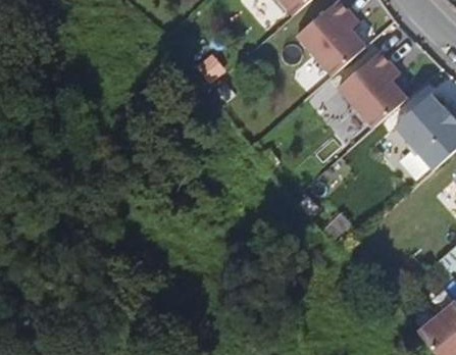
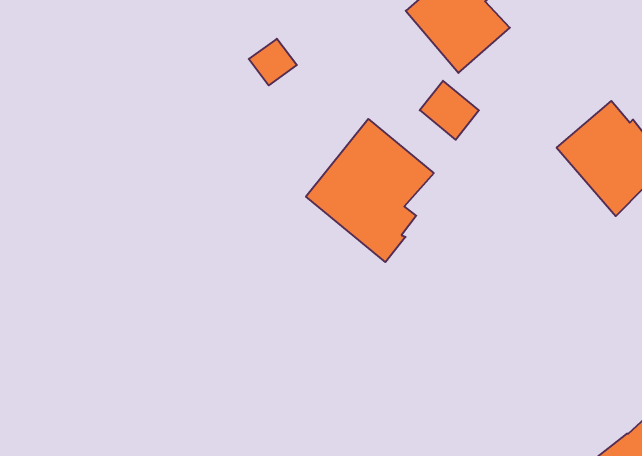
building: [338,50,407,128] -> none
building: none -> [306,119,434,262]

